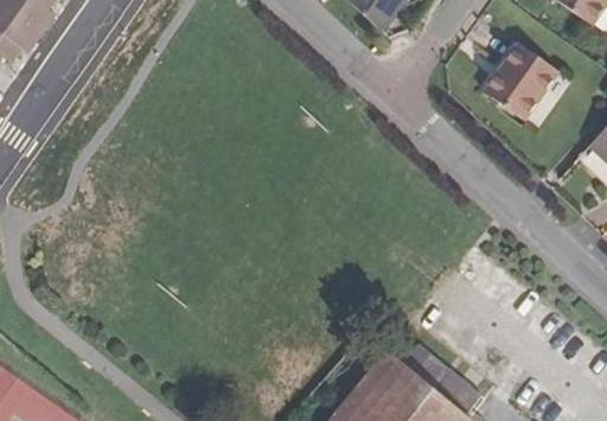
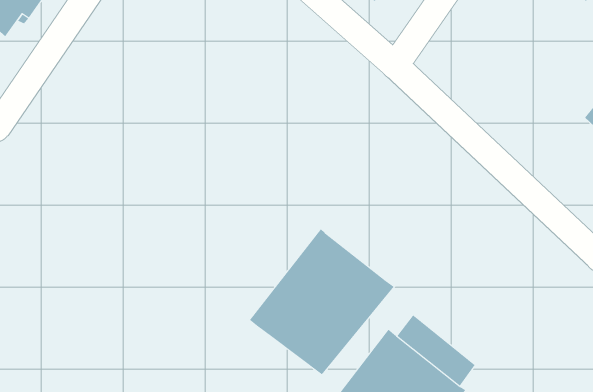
building: [485,44,560,120] -> none
building: none -> [249,228,395,375]

